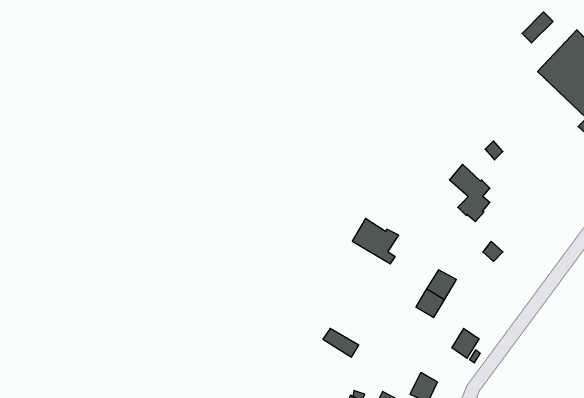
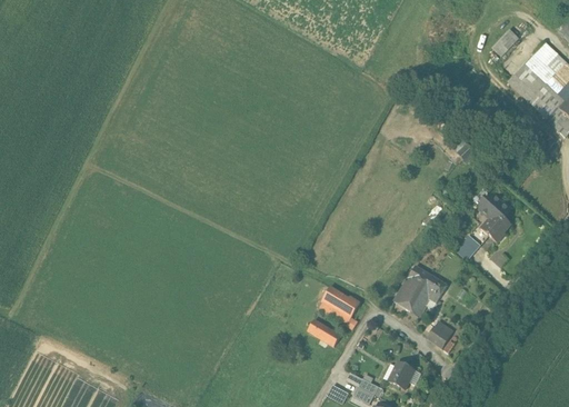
building: [449,164,490,222] -> [473,187,511,240]
building: [352,218,399,264] -> [318,287,361,329]
building: none -> [411,275,447,316]

